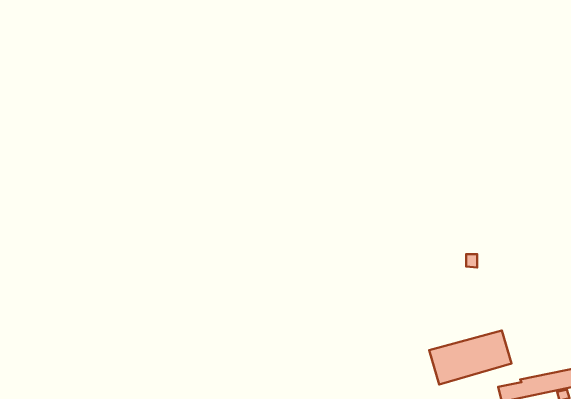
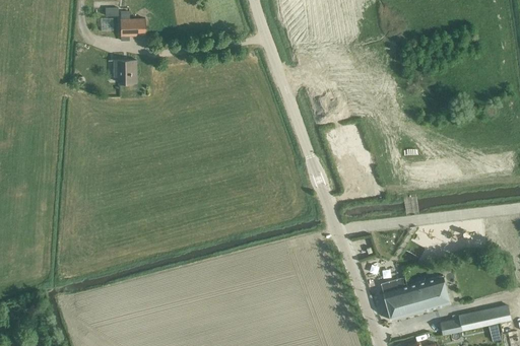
building: none -> [120,11,144,41]
building: none -> [113,60,135,83]

